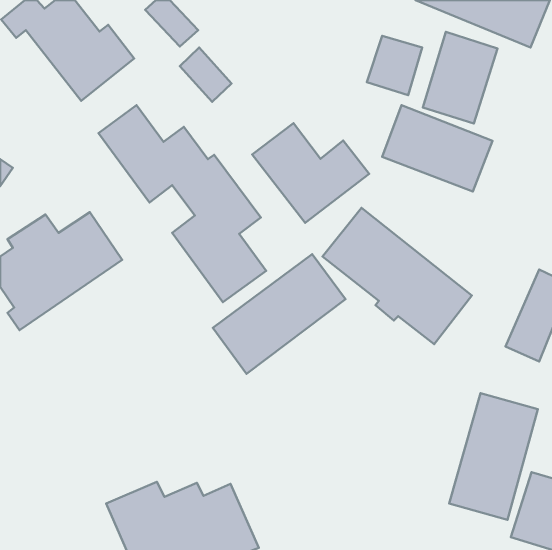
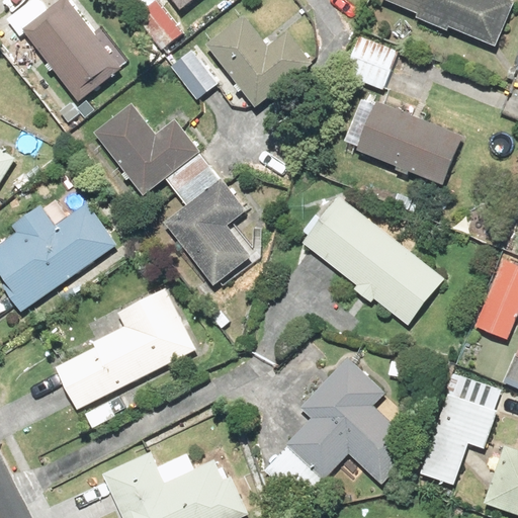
building: [423,32,497,123] -> none
building: [252,123,369,223] -> [204,13,314,106]
building: [213,254,346,374] -> none
building: none -> [53,284,197,416]
building: none -> [260,356,416,503]

